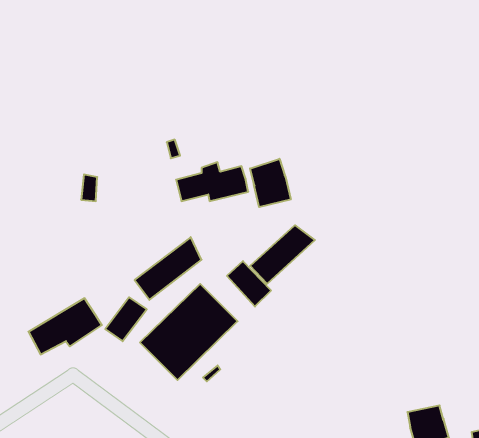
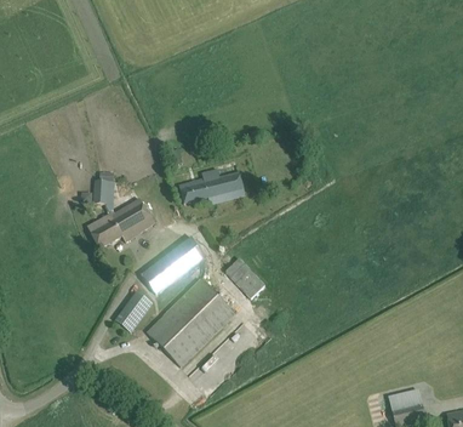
building: [250,159,291,207] -> none
building: [250,225,315,284] -> none
building: [28,298,102,354] -> [88,198,155,249]

